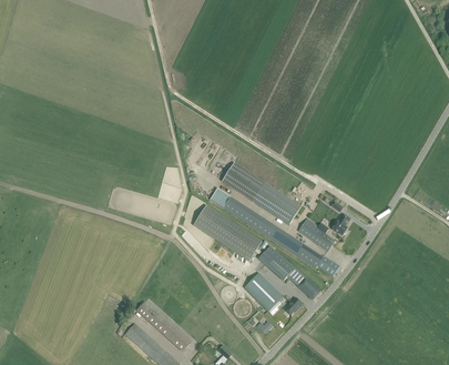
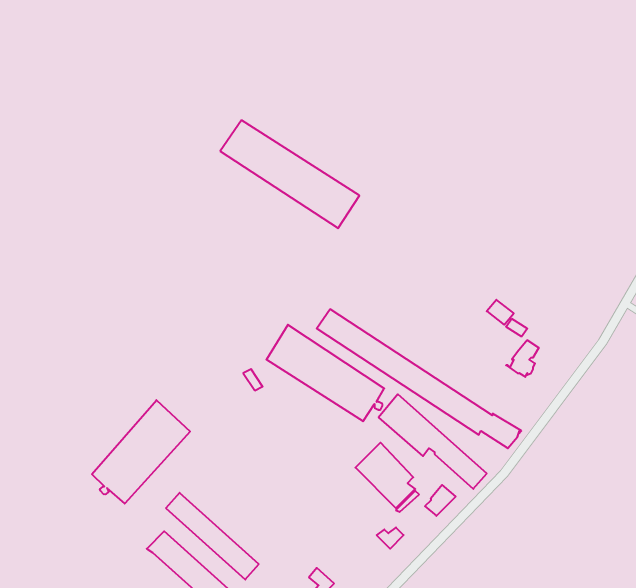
building: [221,162,300,224] -> [220,120,359,228]
building: [297,217,335,251] -> none
building: none -> [92,400,190,504]

